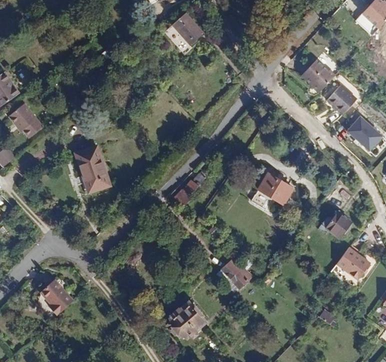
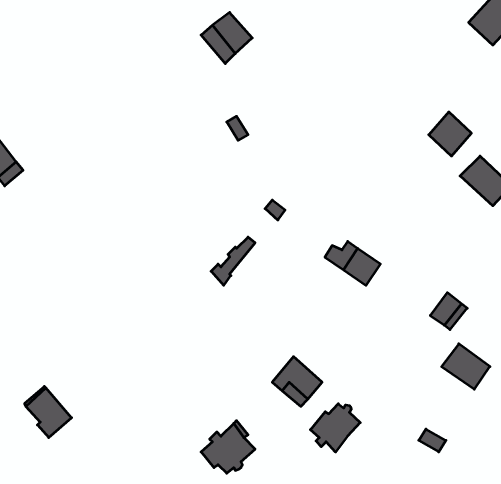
building: [302,57,337,89] -> none
building: [73,145,108,192] -> none
building: none -> [310,404,360,452]

